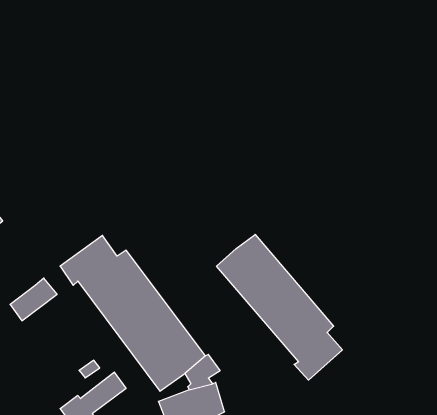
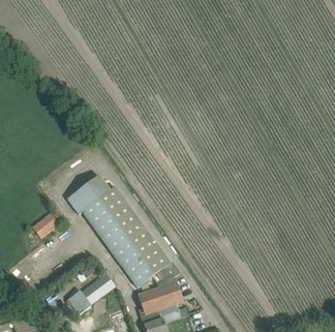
building: [217,234,342,380] -> none

